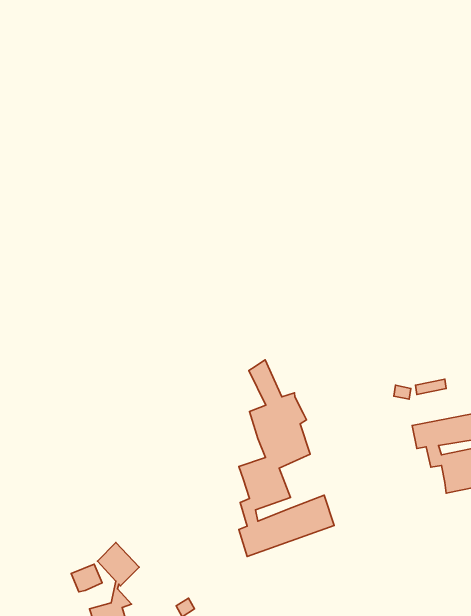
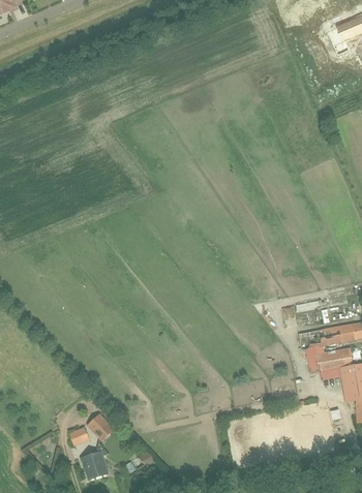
building: [239,360,334,557] -> none

